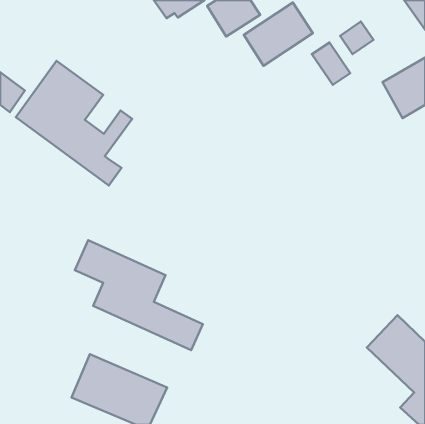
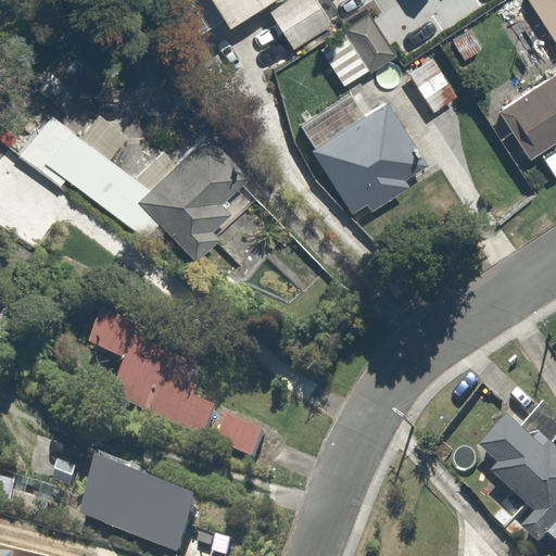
building: none -> [300,80,426,212]
building: none -> [141,128,258,257]

